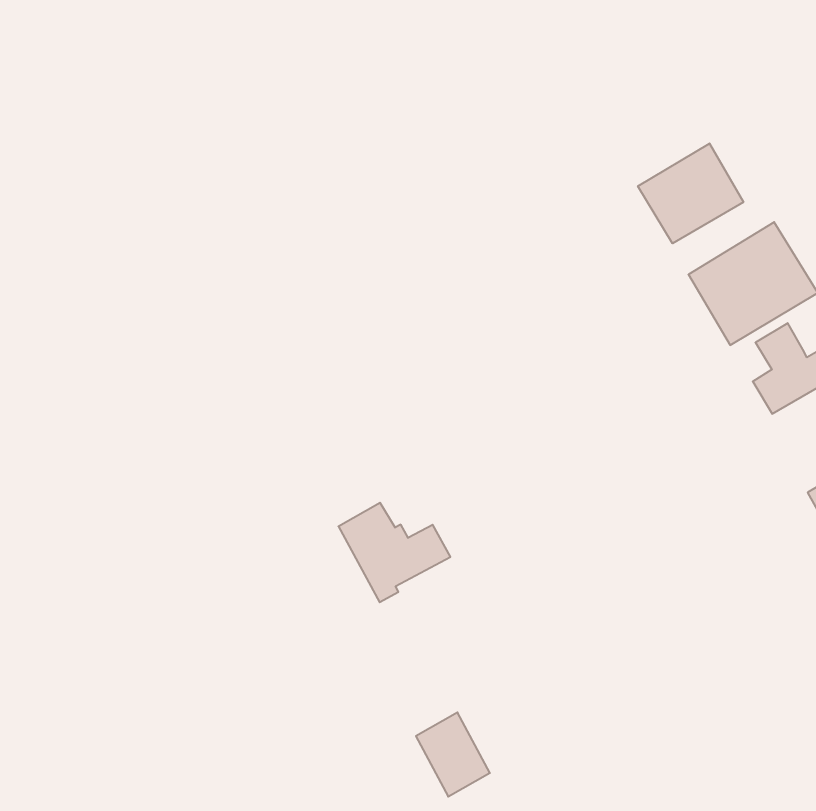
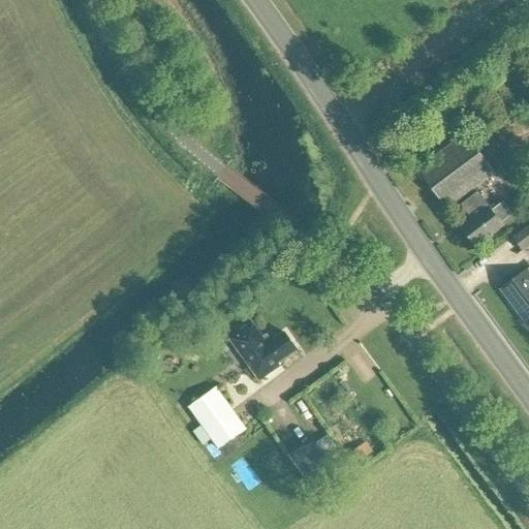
building: [638,143,743,243] -> none
building: none -> [189,387,246,448]

